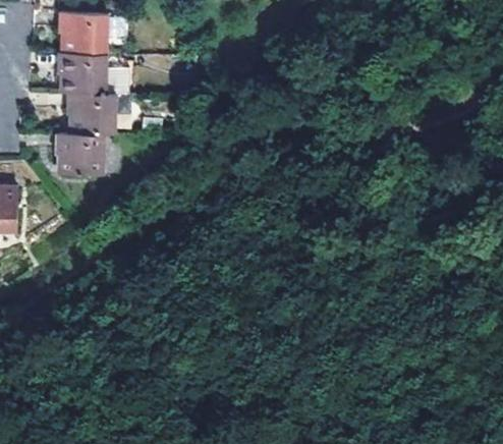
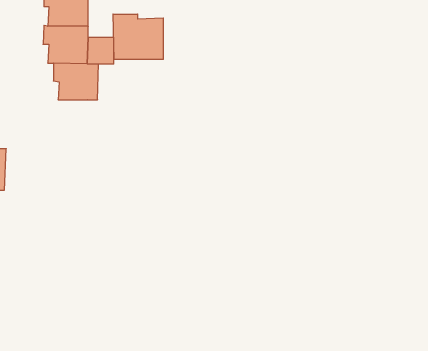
building: none -> [113,14,163,59]
building: [57,133,104,176] -> none

